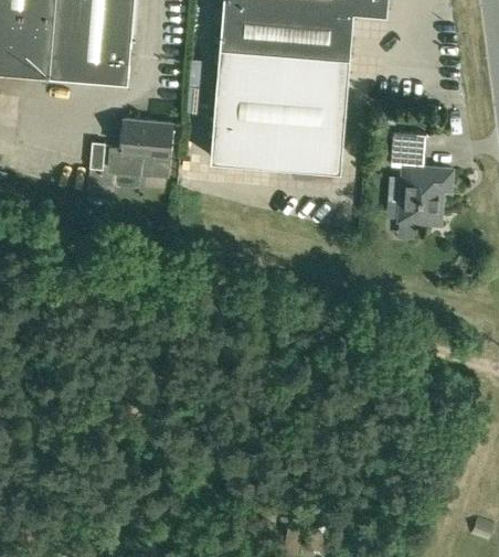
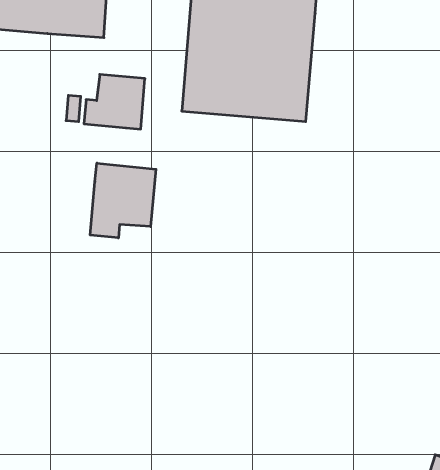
building: [390,132,452,224] -> none
building: none -> [90,163,156,238]

